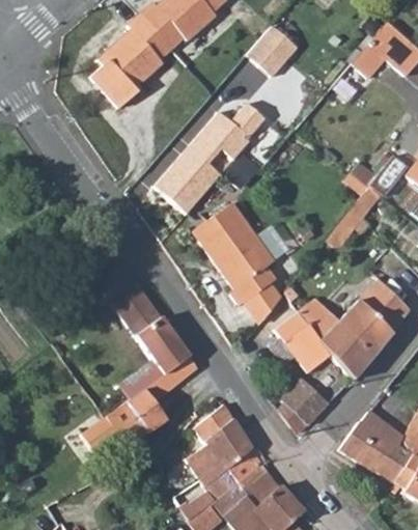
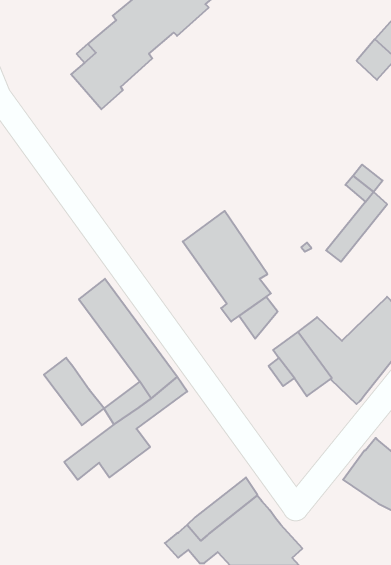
building: [248,25,304,81] -> none
building: [154,109,259,216] -> none
building: none -> [44,358,104,425]
building: [279,378,329,433] -> none
building: [189,403,252,482] -> none

